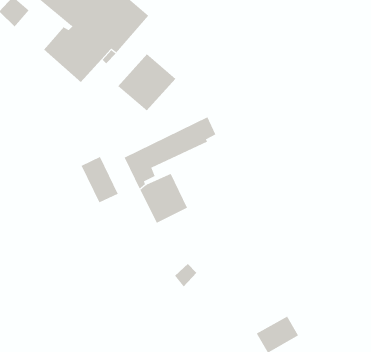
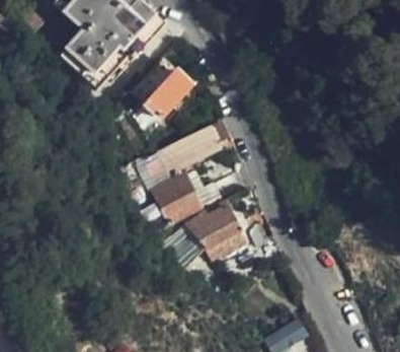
building: [81,156,119,203] -> none
building: none -> [183,202,239,249]

